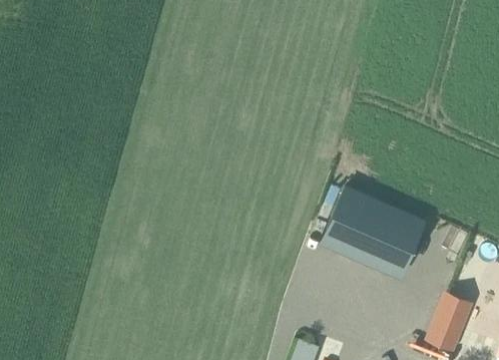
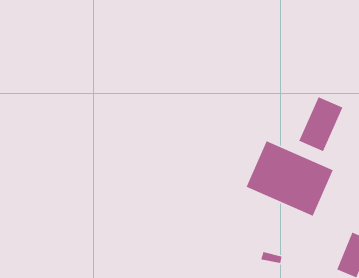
building: none -> [298,96,344,152]

